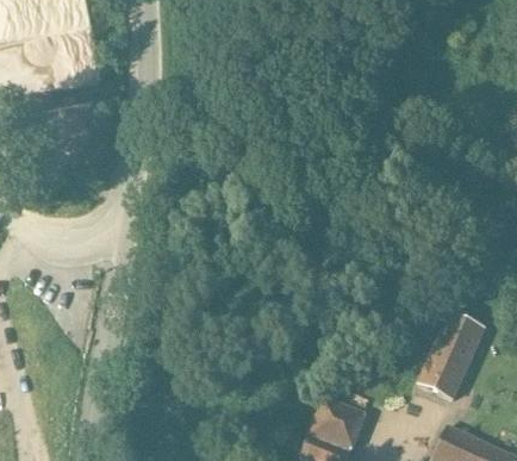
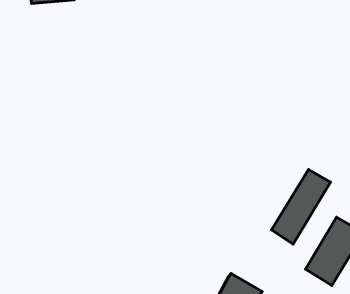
building: none -> [271,169,331,244]

